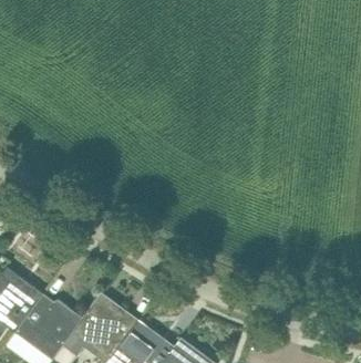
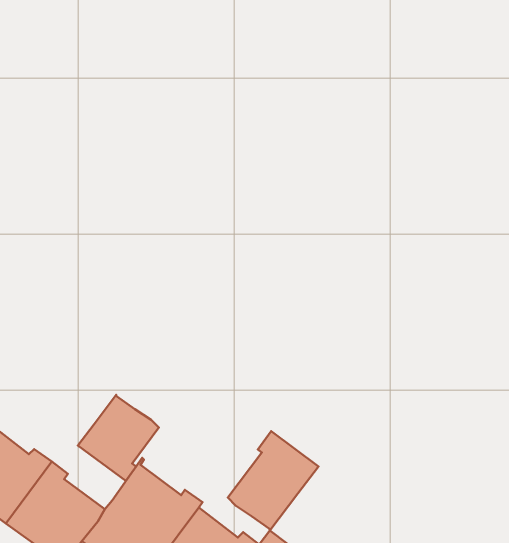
building: none -> [78,395,159,481]
building: none -> [228,431,318,530]

